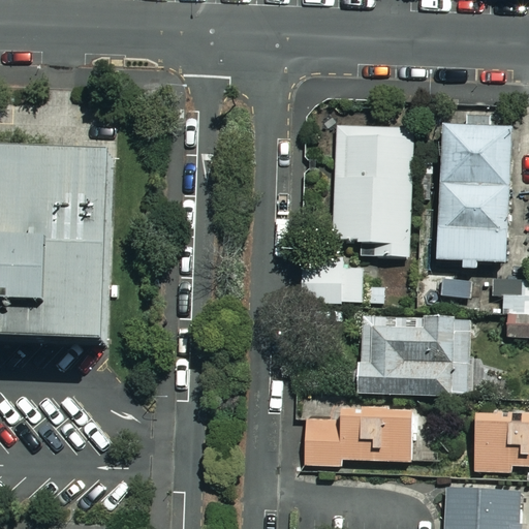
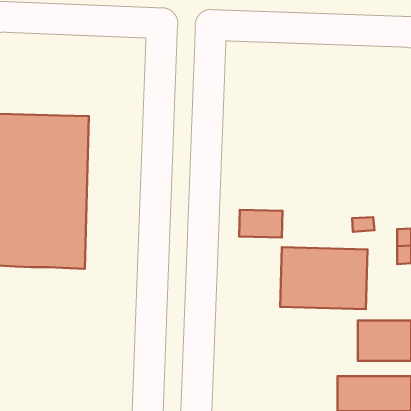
building: [333,126,412,257] -> none
building: [437,126,511,262] -> none
building: [328,410,402,464] -> none

